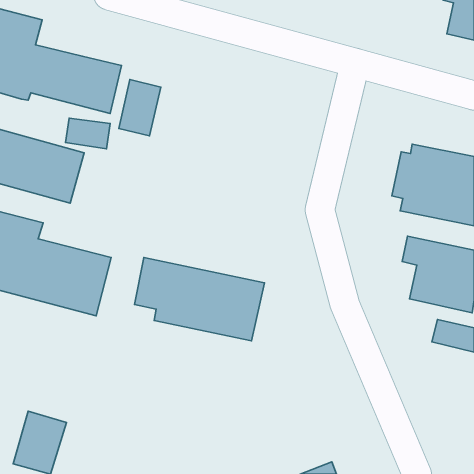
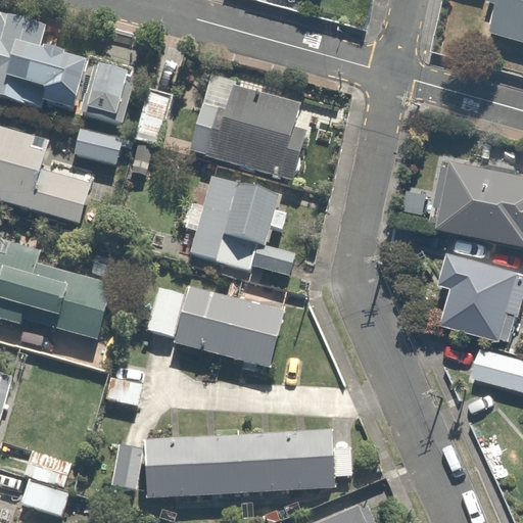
building: none -> [194,88,308,183]
building: none -> [176,170,297,278]
building: none -> [138,428,349,500]

